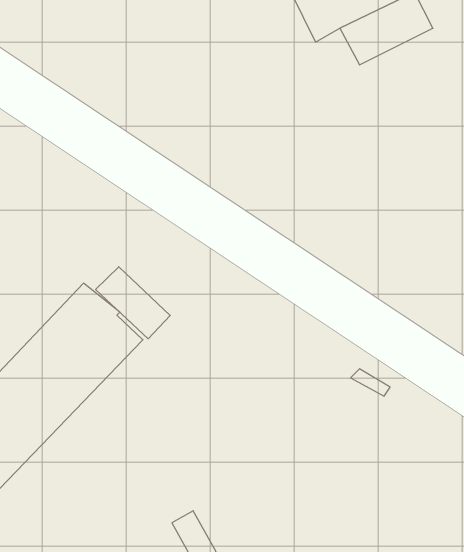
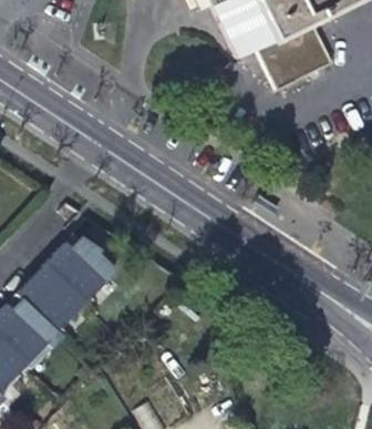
building: [96,267,170,339] -> none

